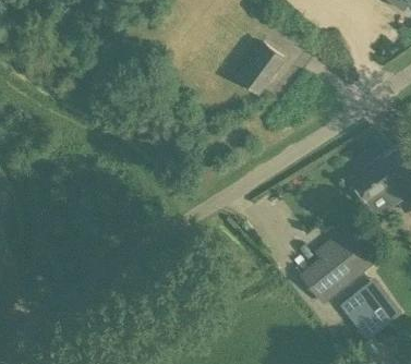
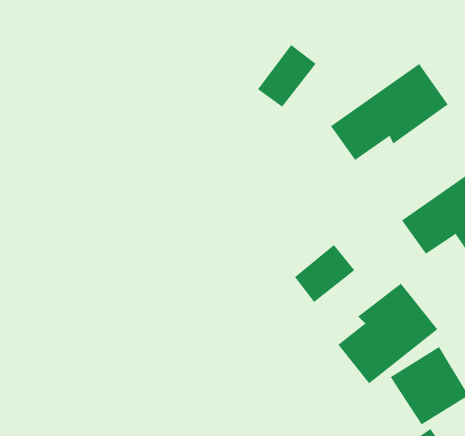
building: none -> [330,63,449,161]
building: none -> [294,244,355,303]

